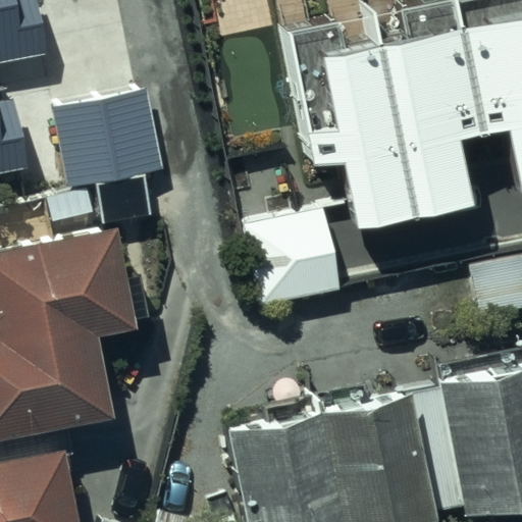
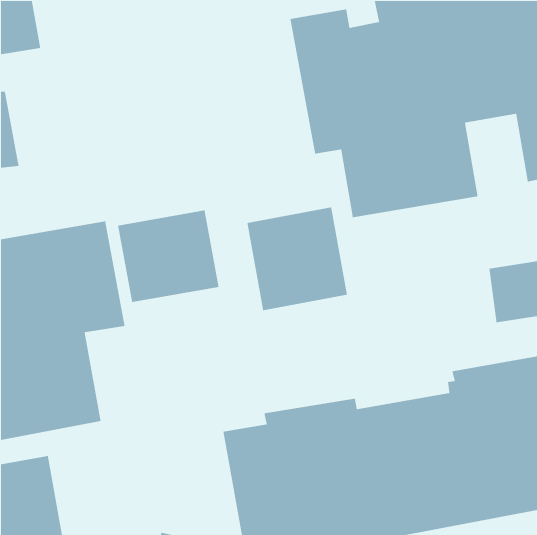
building: [61,97,164,197] -> none
building: none -> [117,210,219,303]

